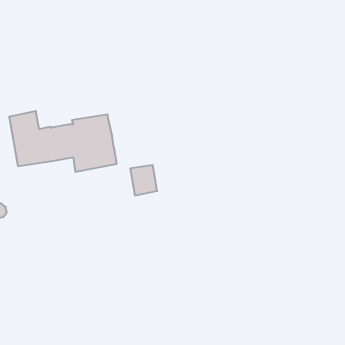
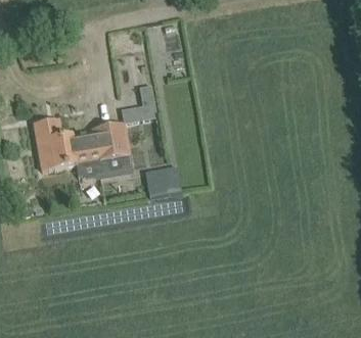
building: none -> [122,87,156,126]

